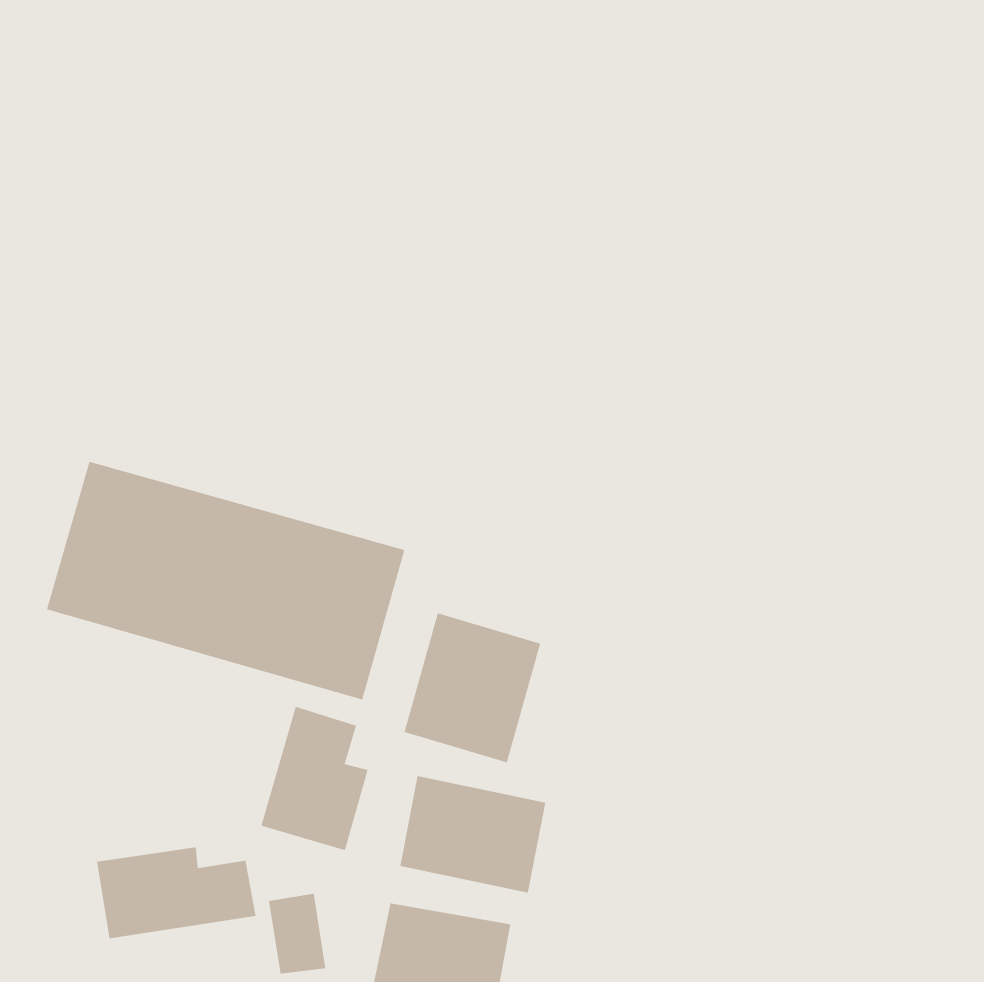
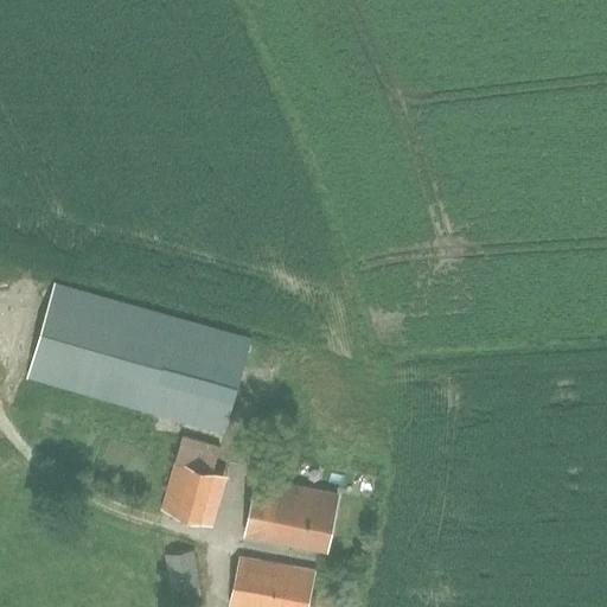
building: [404,613,541,763] -> none
building: [97,846,256,939] -> none

